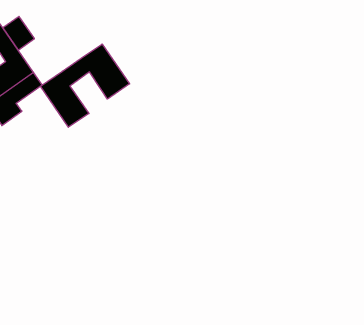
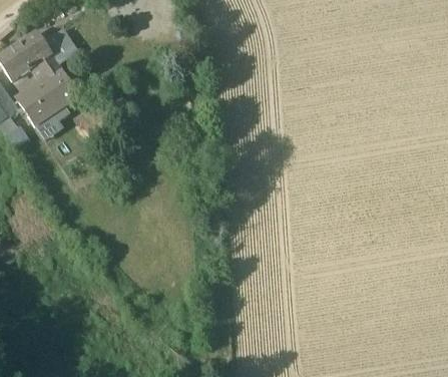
building: [40,44,130,127] -> none

